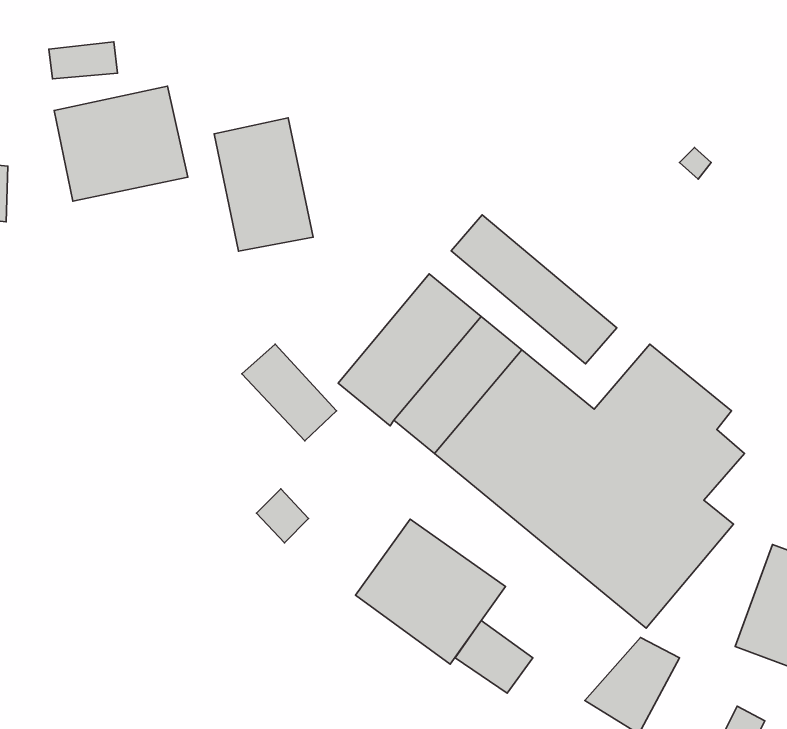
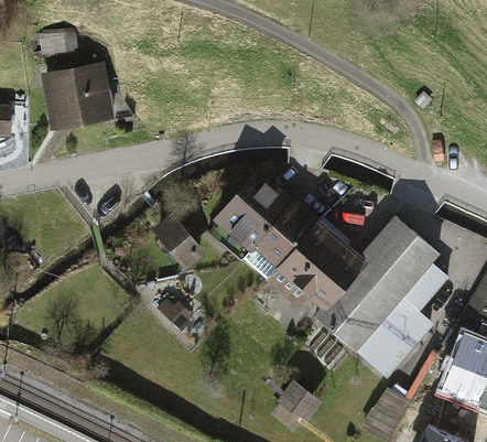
building: [214,118,313,251] -> none
building: [451,215,617,364] -> none
building: [355,519,505,664] -> none

